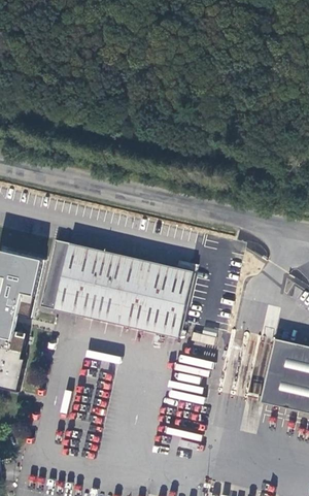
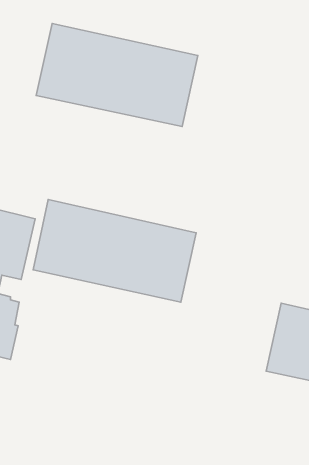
building: none -> [36,24,198,126]

